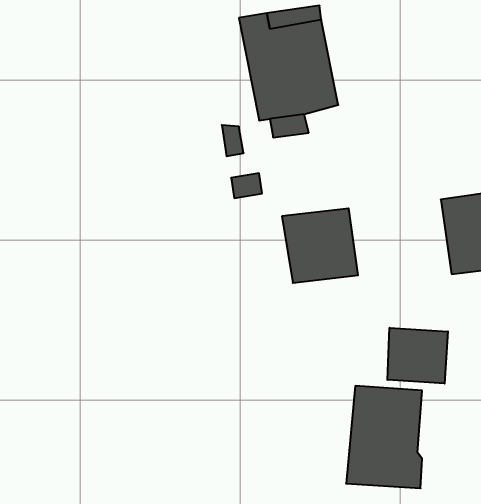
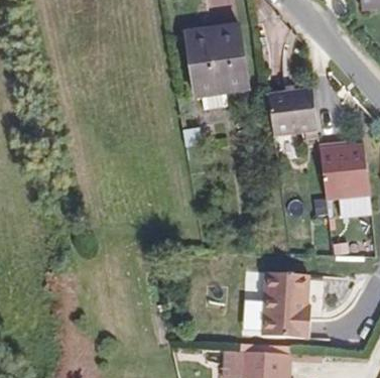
building: [282,208,358,283] -> [269,91,319,139]
building: [387,328,448,384] -> none

